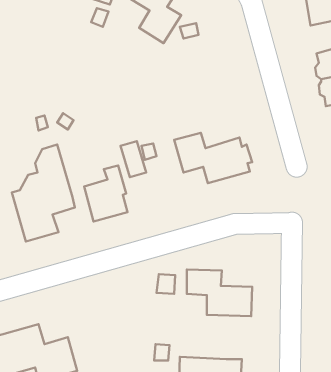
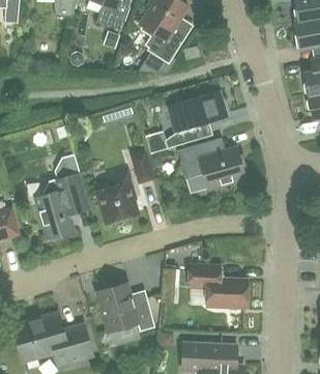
building: none -> [165,93,227,148]
building: none -> [97,283,155,330]

